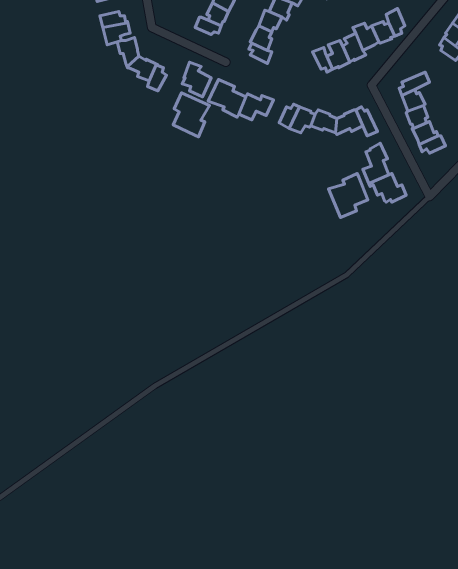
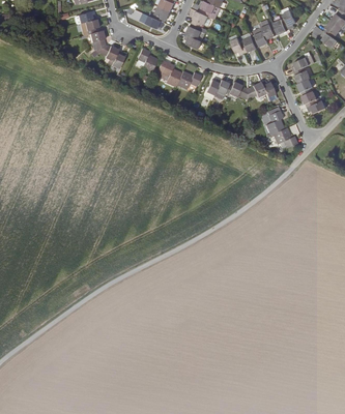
building: [173,93,209,137] -> none
building: [328,173,368,217] -> none

